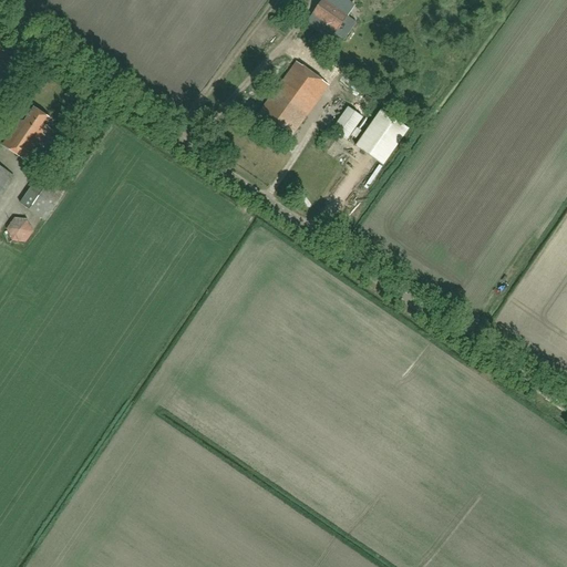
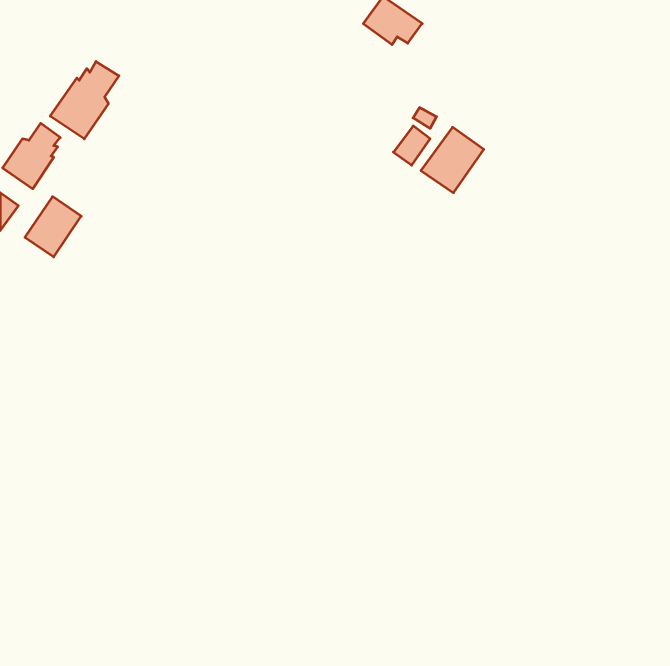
building: none -> [50,61,119,139]
building: [258,60,328,136] -> none
building: [7,216,33,240] -> none

